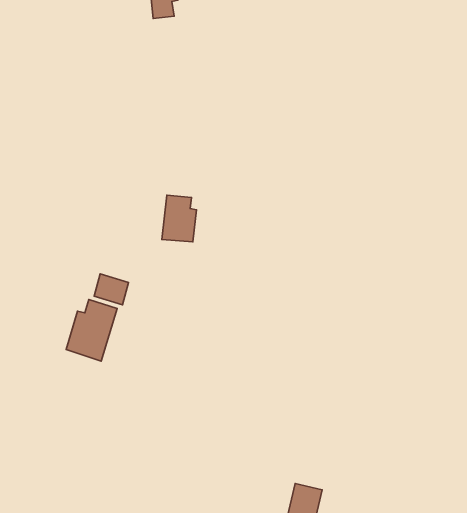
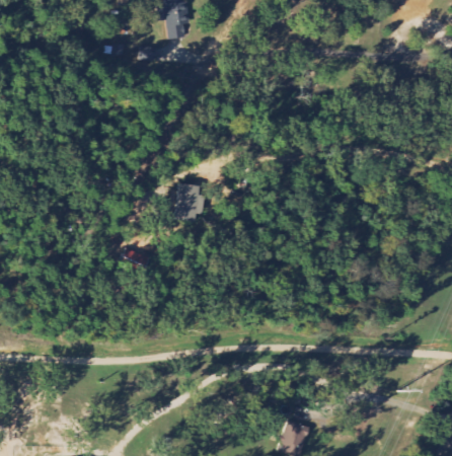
building: [66,300,117,361] -> none

